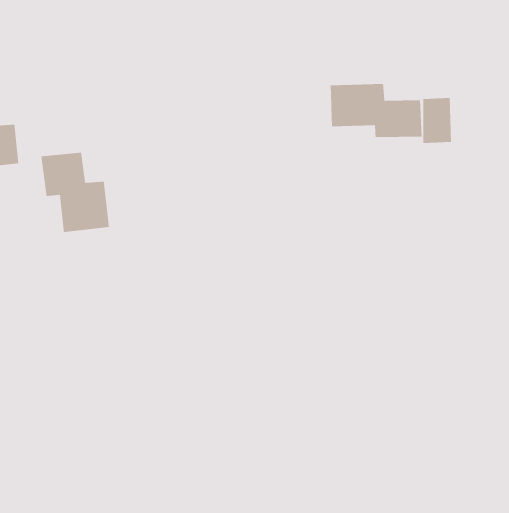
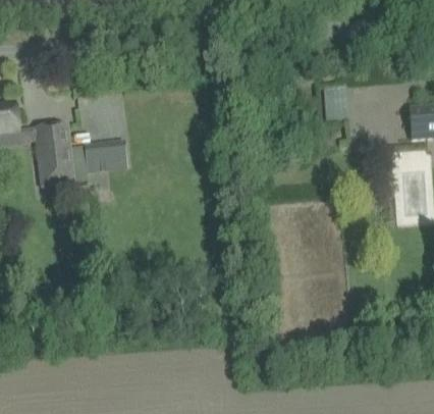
building: [330,83,423,138] -> none
building: none -> [83,139,125,171]

